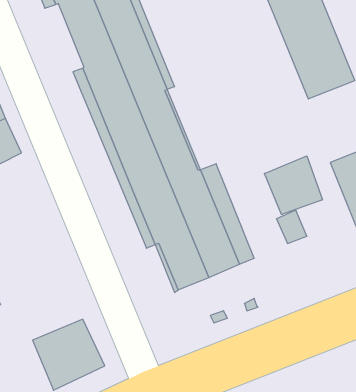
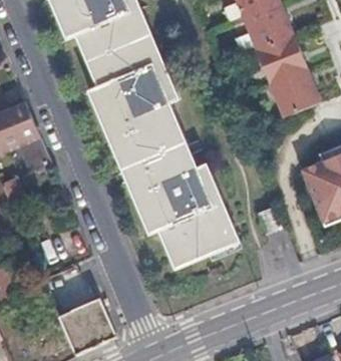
building: [264,156,322,215] -> none

